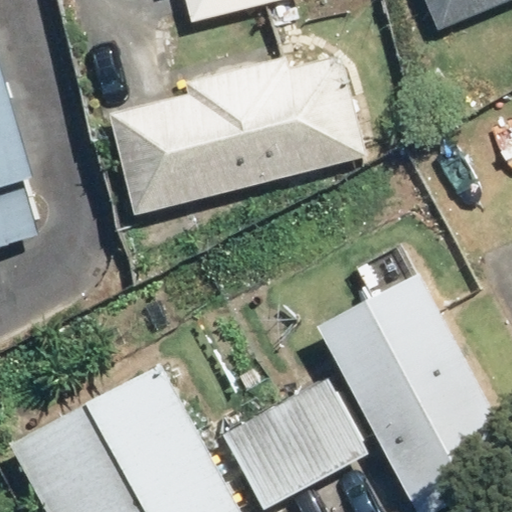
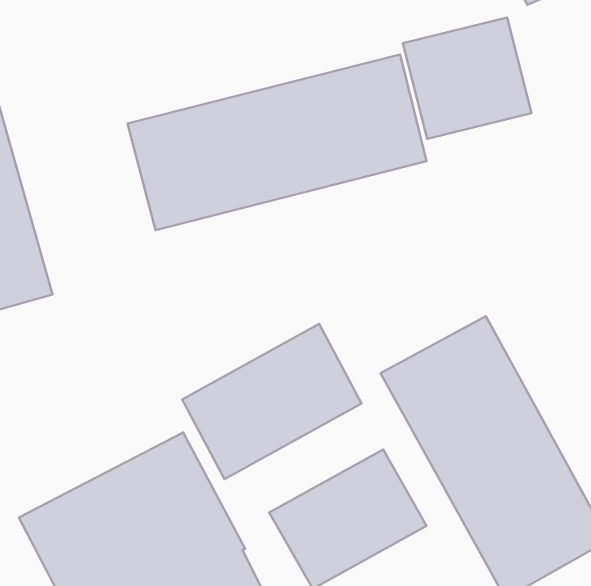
building: none -> [403,18,532,139]
building: none -> [182,324,361,479]

